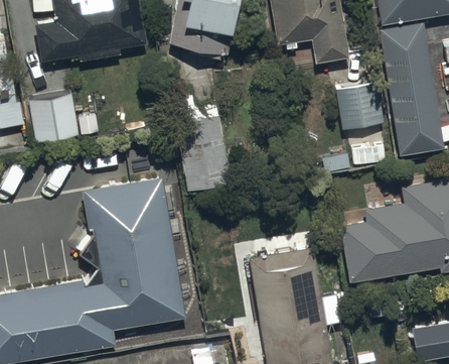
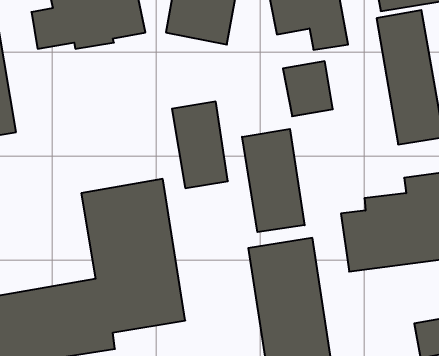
building: [335,80,385,134] -> [283,61,333,116]
building: [29,96,81,151] -> none
building: none -> [242,129,305,232]

